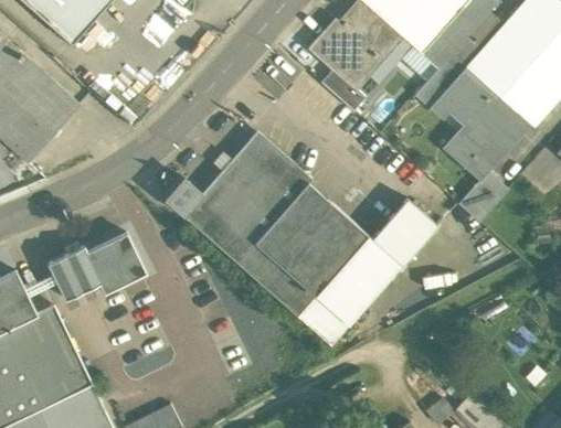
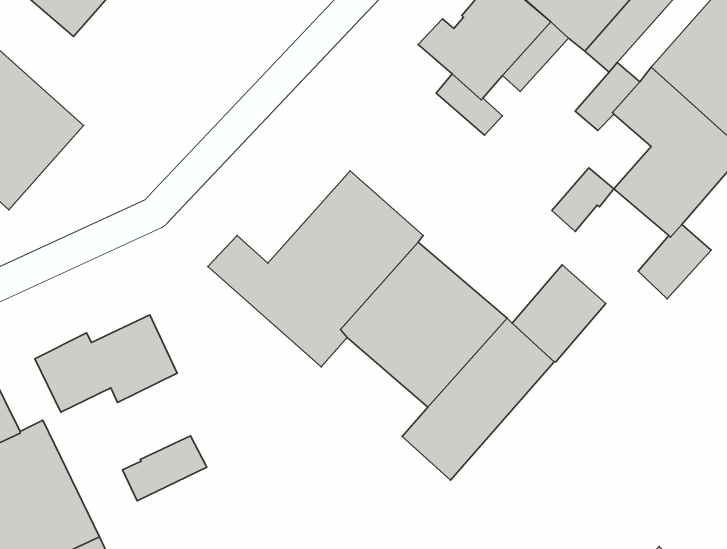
building: none -> [552,168,614,231]
building: [242,248,315,315] -> none
building: none -> [123,436,207,501]

